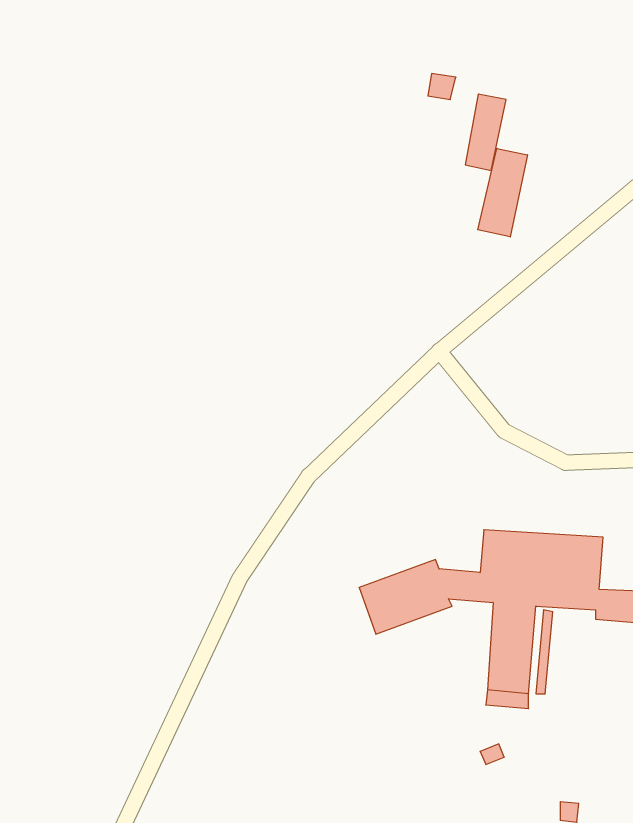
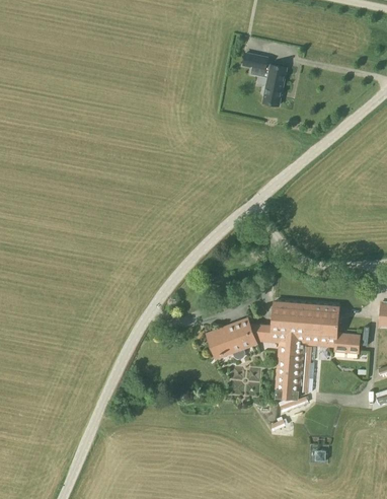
building: [478,148,527,237] -> none

